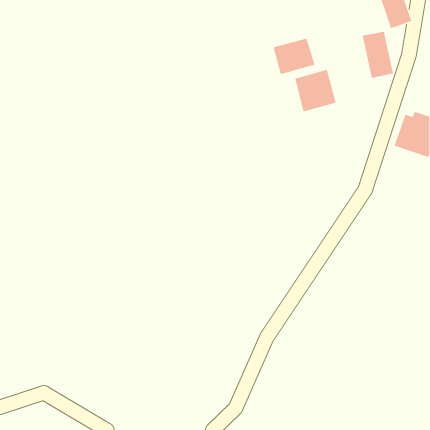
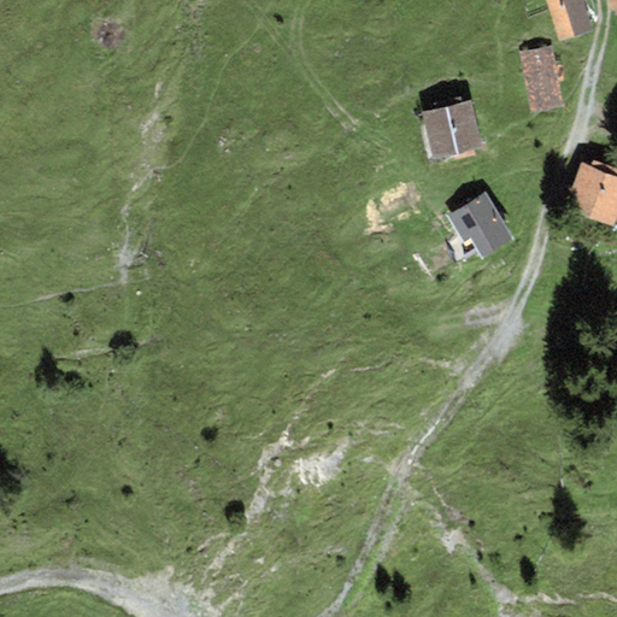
building: [273,38,315,75] -> none
building: none -> [447,192,515,257]

